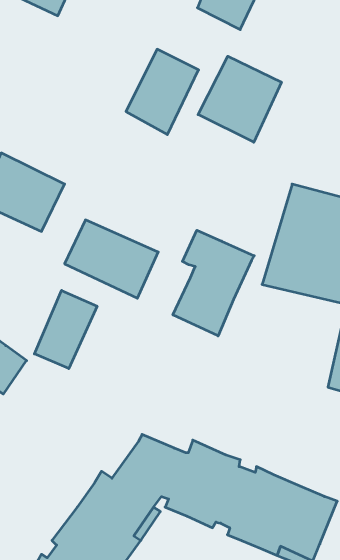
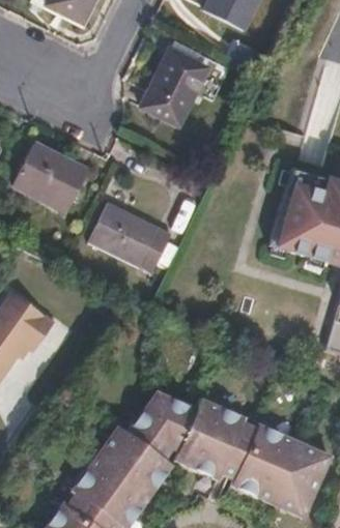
building: [198,56,281,142] -> none
building: [173,230,254,336] -> none
building: [34,290,97,369] -> none

